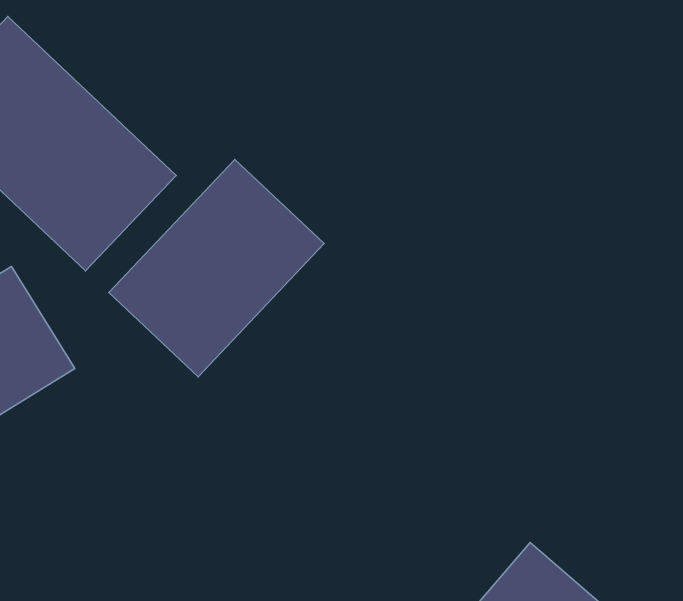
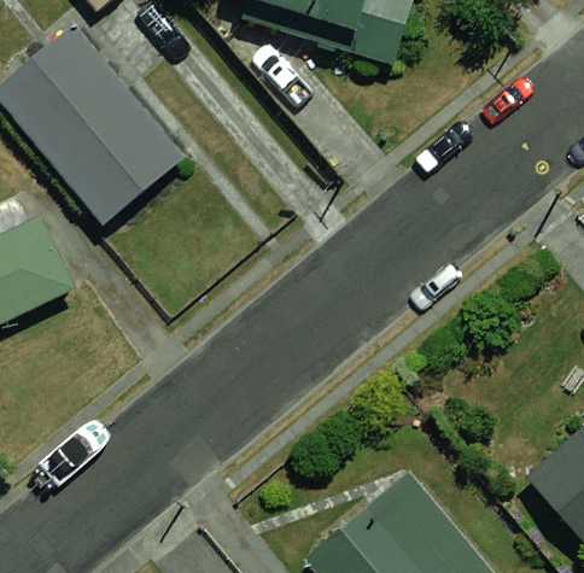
building: [109,159,324,377] -> none

